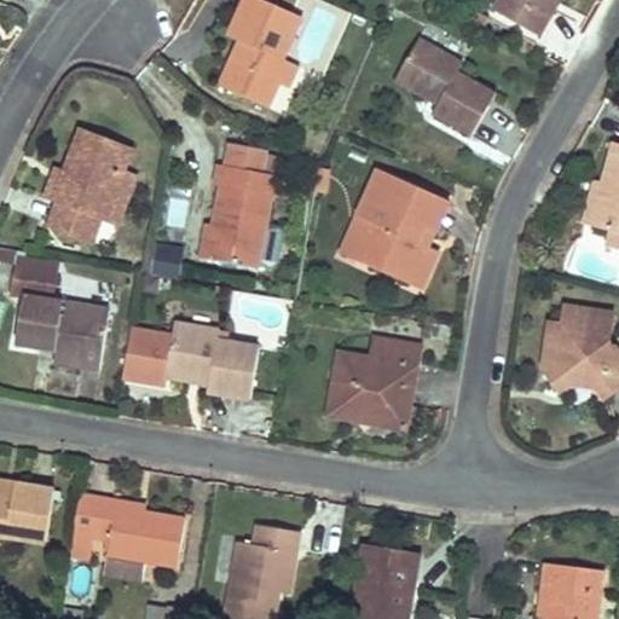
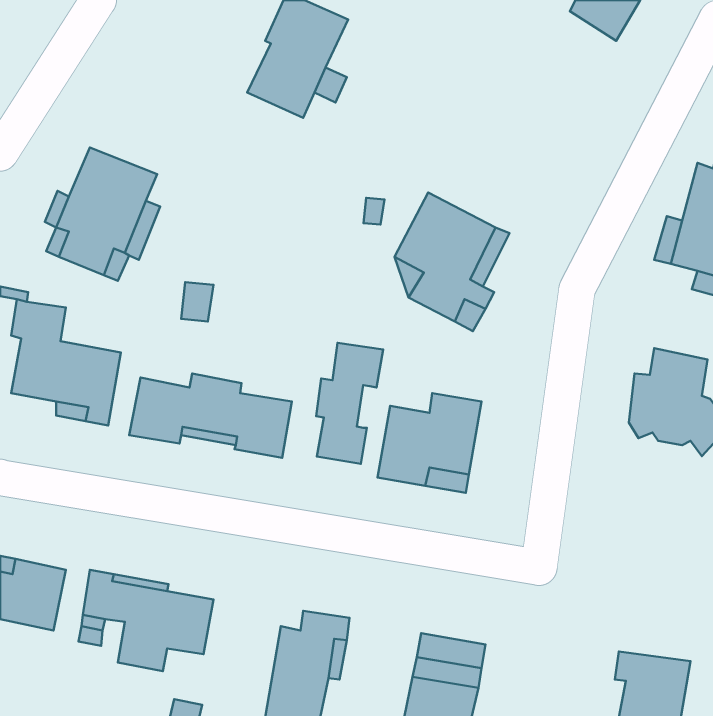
building: [391,39,493,140] -> none
building: [201,144,285,271] -> none
building: none -> [316,343,383,464]

